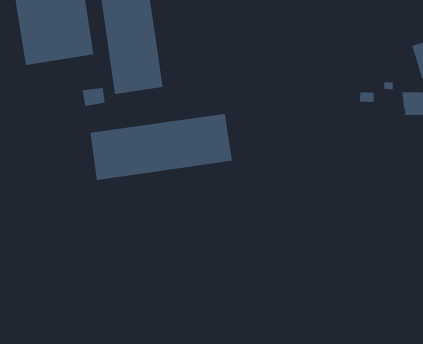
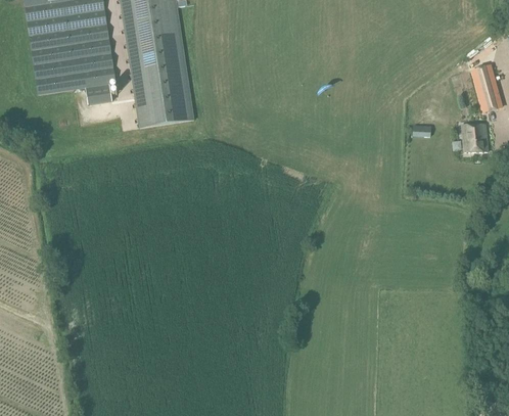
building: [82,87,105,107] -> [85,84,111,105]
building: [90,113,233,181] -> none

